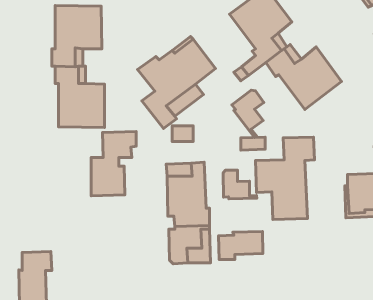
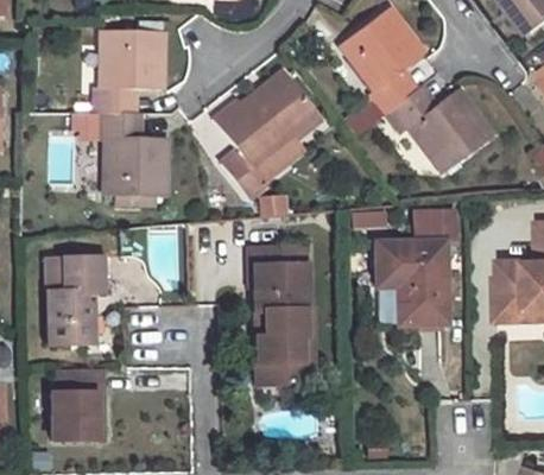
building: [232,90,264,137] -> none
building: [91,132,136,196] -> [45,256,107,344]
building: [223,170,257,199] -> none
building: [219,231,263,259] -> none

